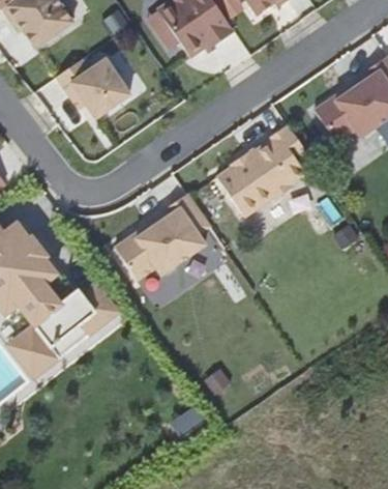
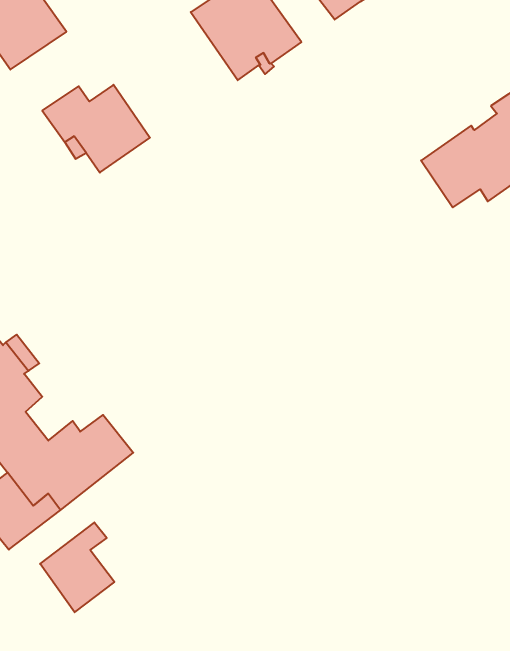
building: [216,124,308,218] -> none
building: [114,194,210,281] -> none
building: none -> [40,522,114,612]

